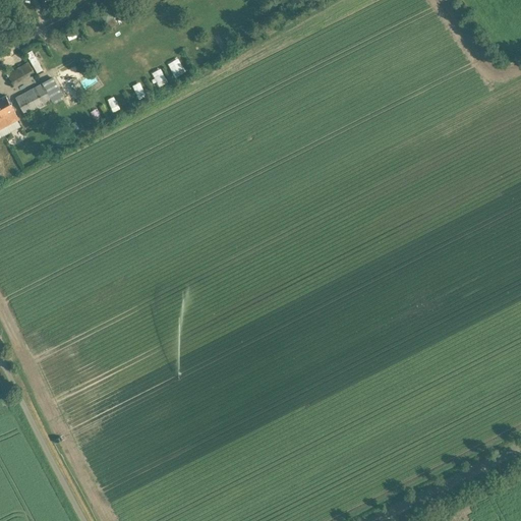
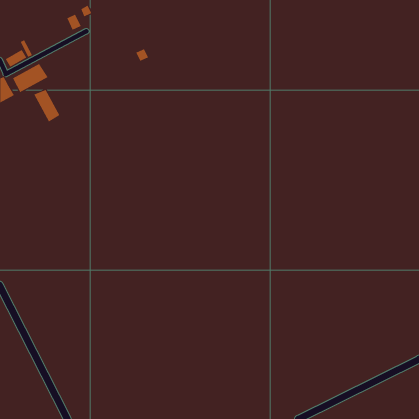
building: none -> [34,89,60,122]

